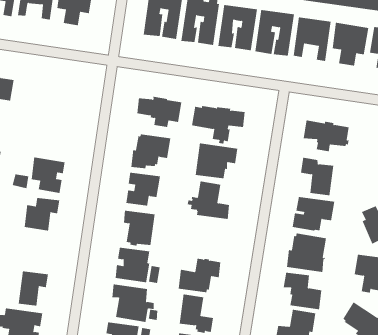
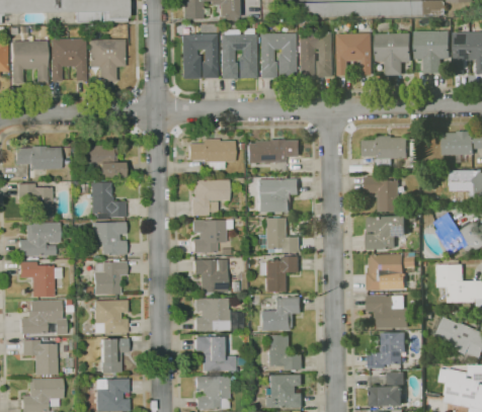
building: none -> [83,145,125,178]
building: none -> [91,182,126,220]
building: none -> [260,256,300,292]
building: none -> [94,300,128,333]

